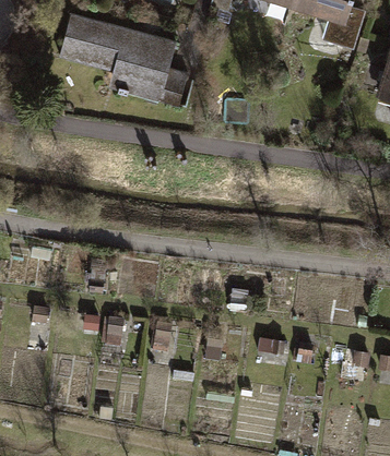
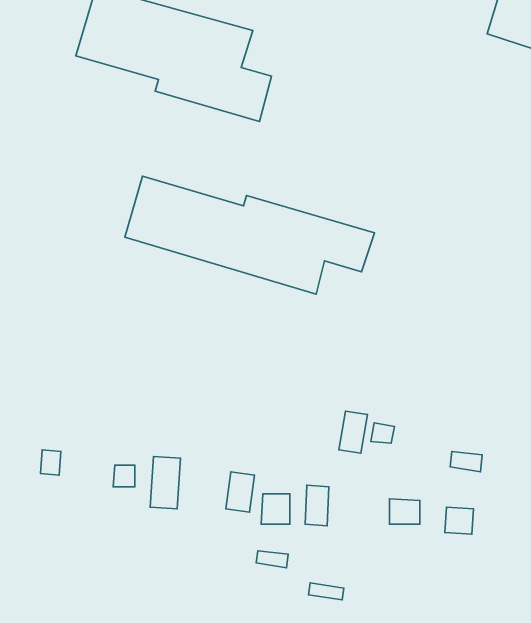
building: none -> [125,176,375,294]

